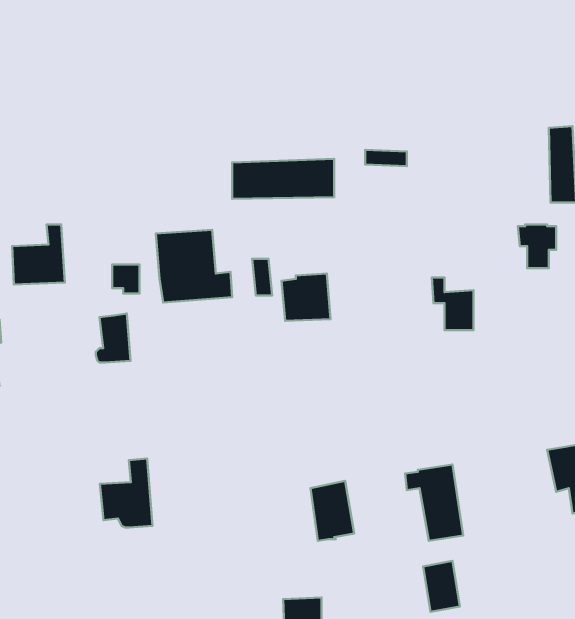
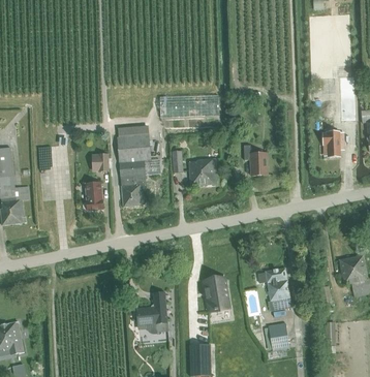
building: [432,278,474,330] -> [243,146,267,176]
building: none -> [121,174,146,206]
building: [100,458,153,528] -> [137,291,167,331]

